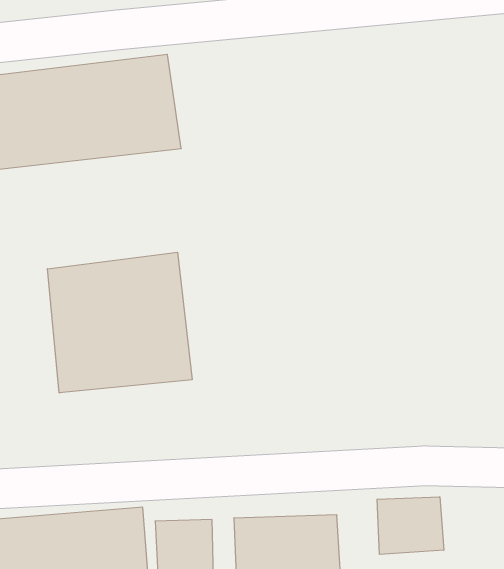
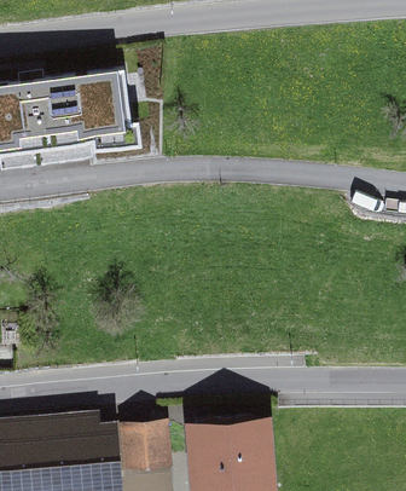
building: [47,252,192,393] -> none
building: [377,497,444,554] -> none

